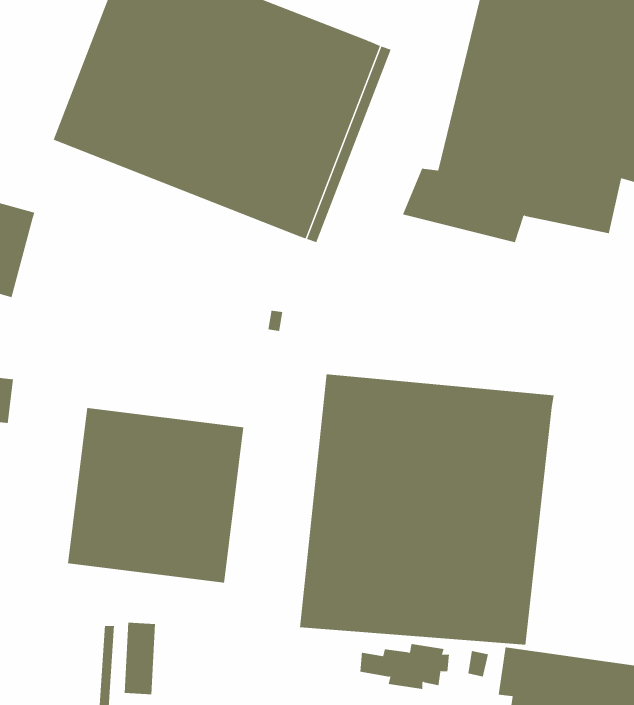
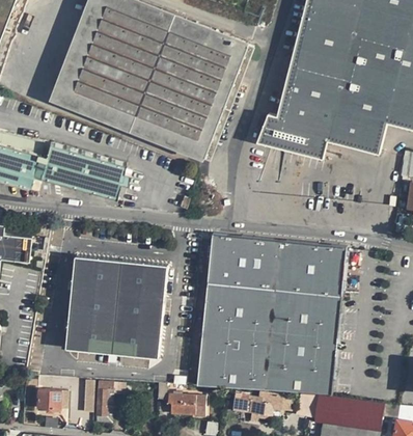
building: none -> [40,144,131,200]
building: none -> [34,391,61,415]
building: none -> [167,396,205,419]

